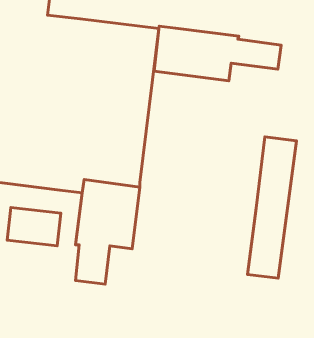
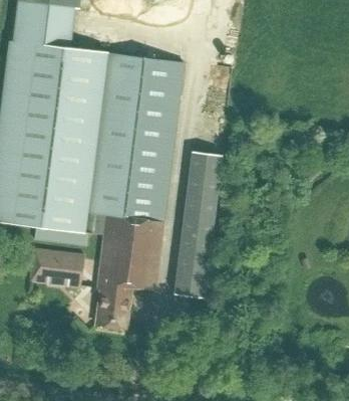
building: [154,26,281,81] -> none
building: [247,137,296,278] -> [173,150,225,297]

